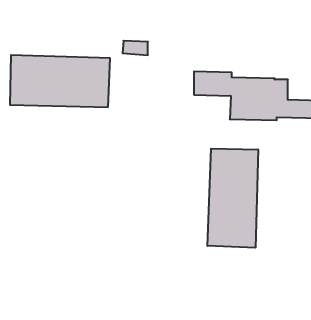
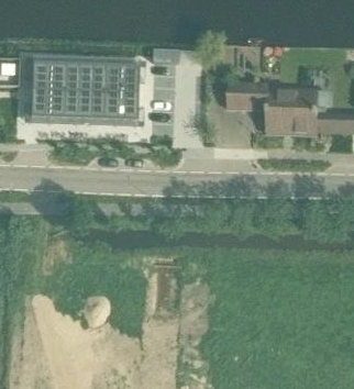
building: [207,149,258,248] -> none

